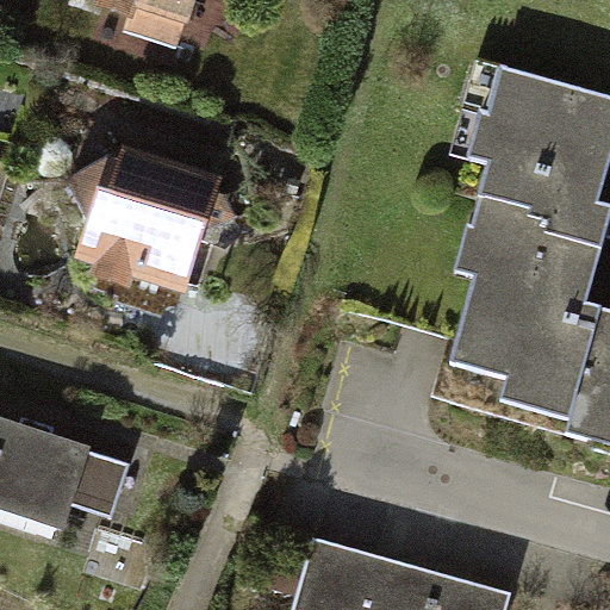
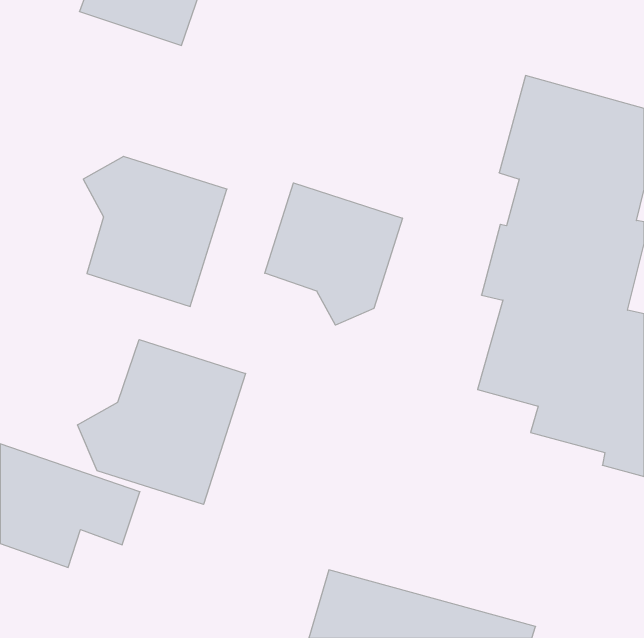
building: none -> [265,183,402,325]
building: none -> [78,340,246,504]

